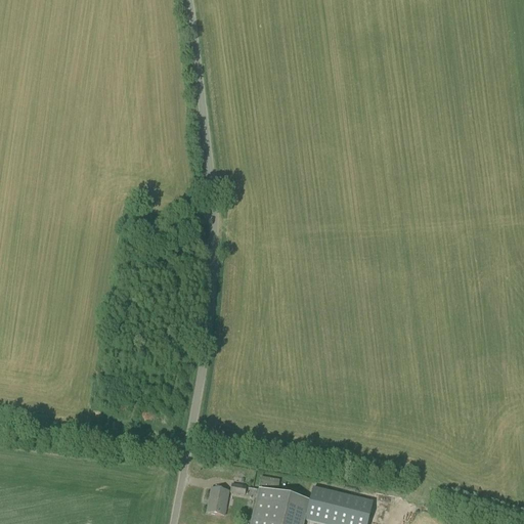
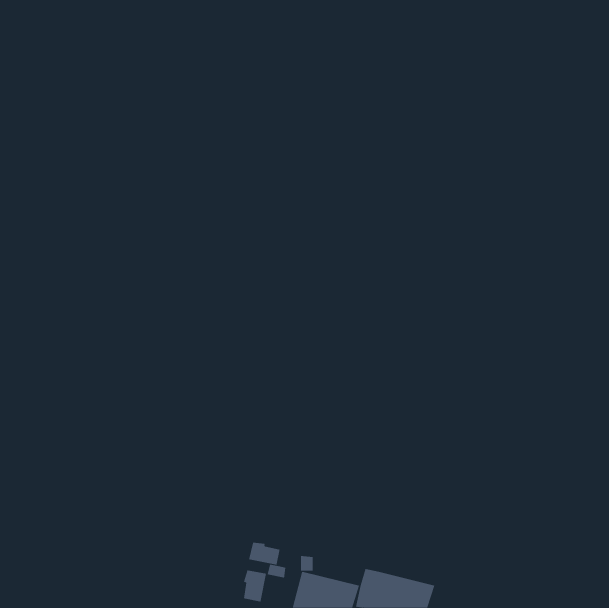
building: none -> [249,542,280,565]

